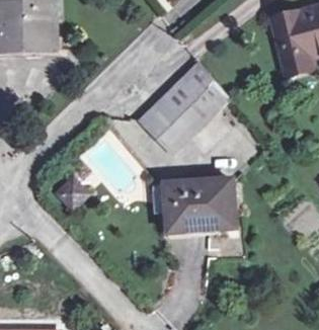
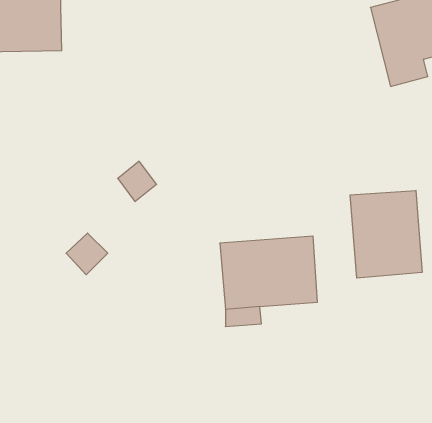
building: [139,61,230,154] -> none
building: none -> [350,190,422,278]

